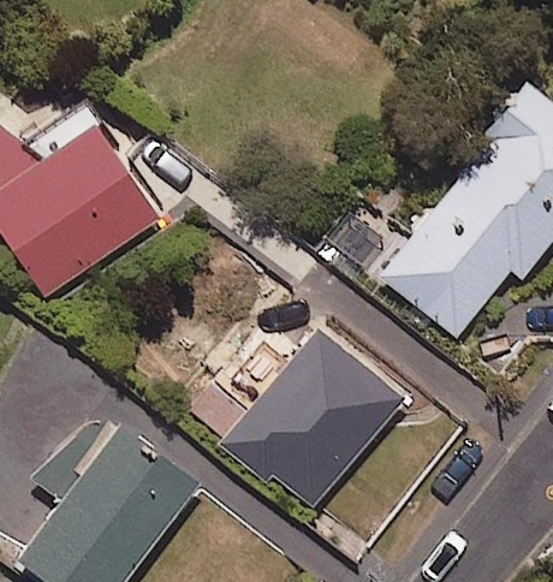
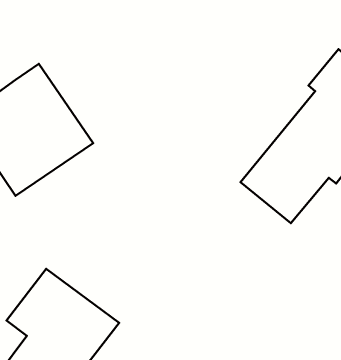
building: [186,328,405,517] -> none

